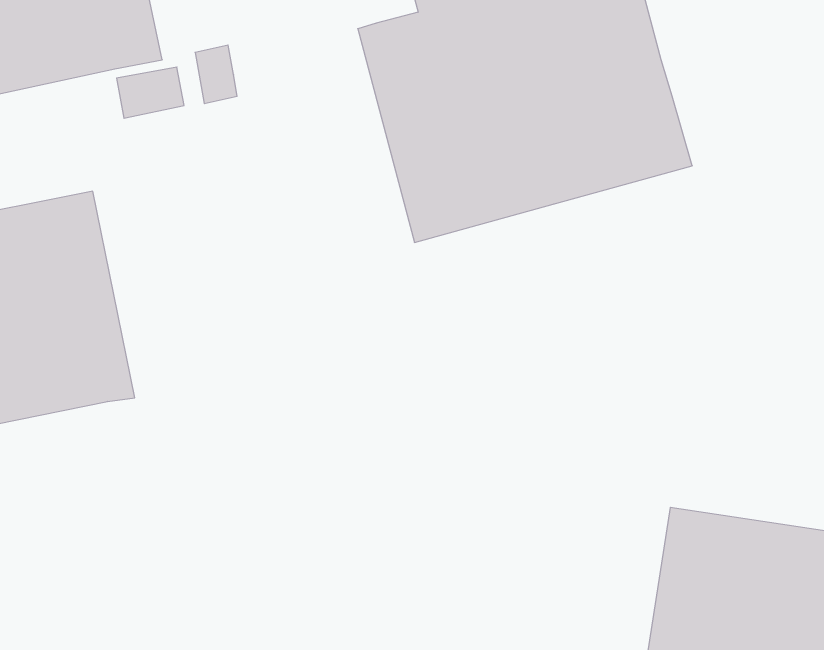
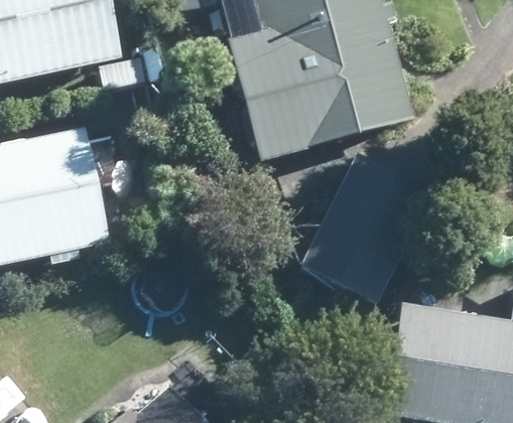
building: none -> [299,151,434,302]

